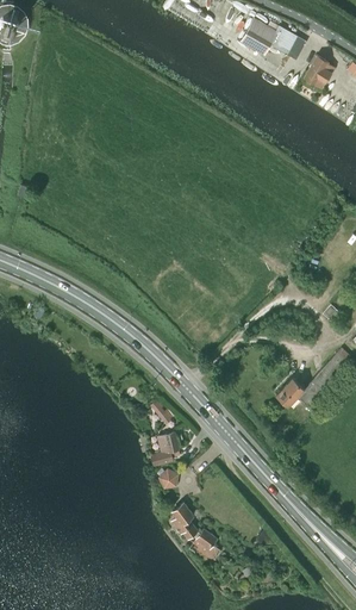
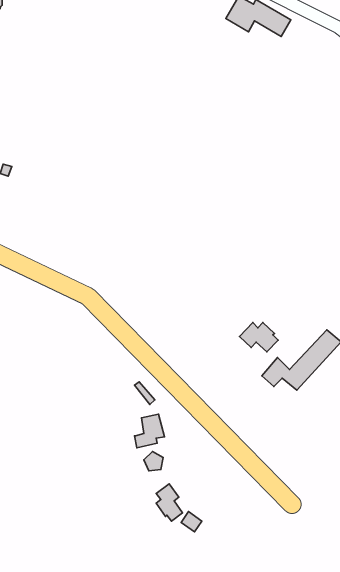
building: [304,55,335,88] -> none
building: none -> [240,322,278,352]

